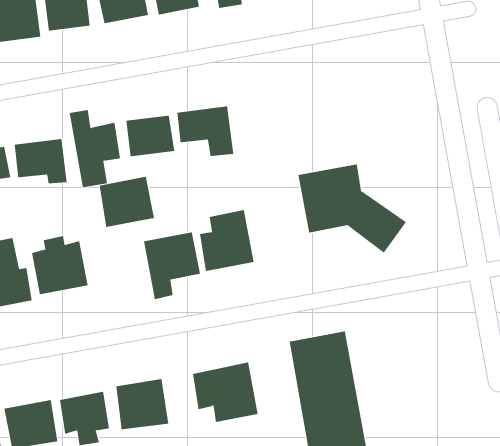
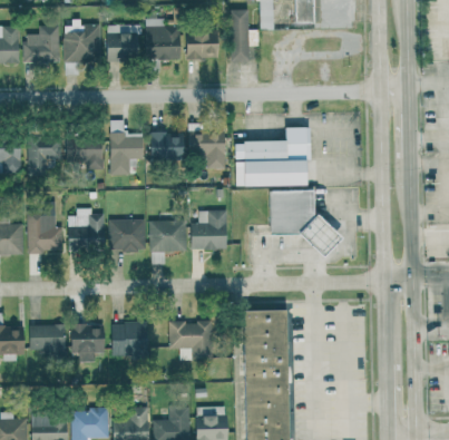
building: none -> [234,126,310,186]
building: [99,176,155,228] -> [109,218,146,251]

